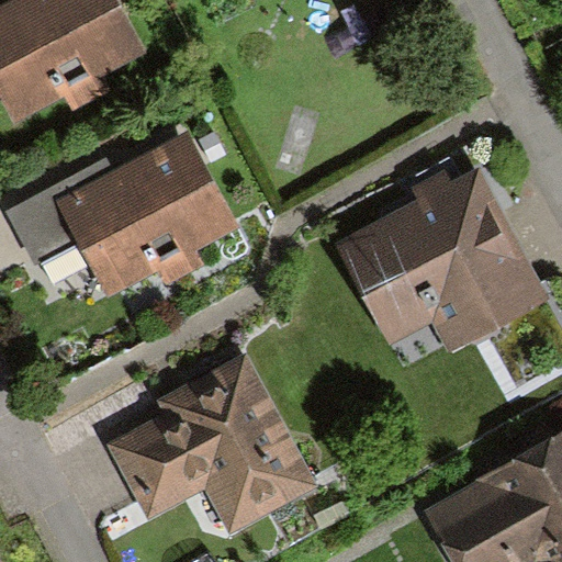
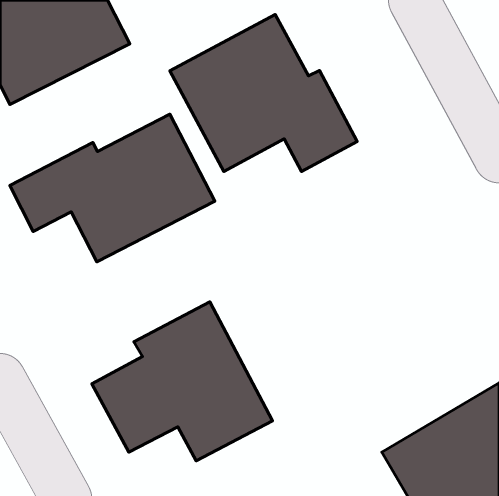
building: none -> [170,14,357,172]
building: [337,172,544,352] -> none

